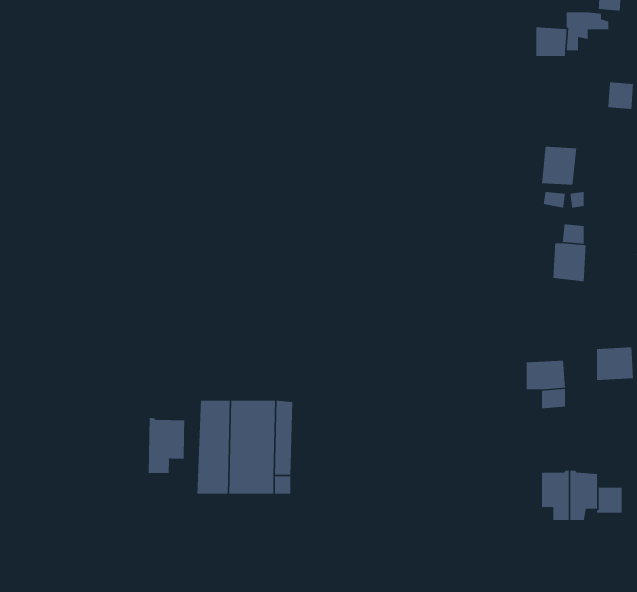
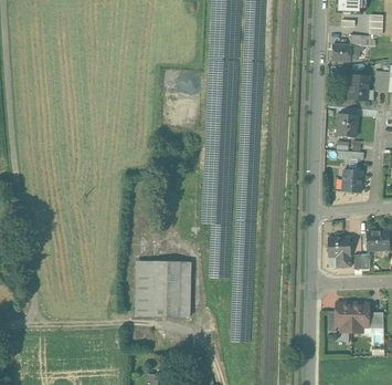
building: none -> [349,74,374,101]
building: [148,417,185,474] -> none

